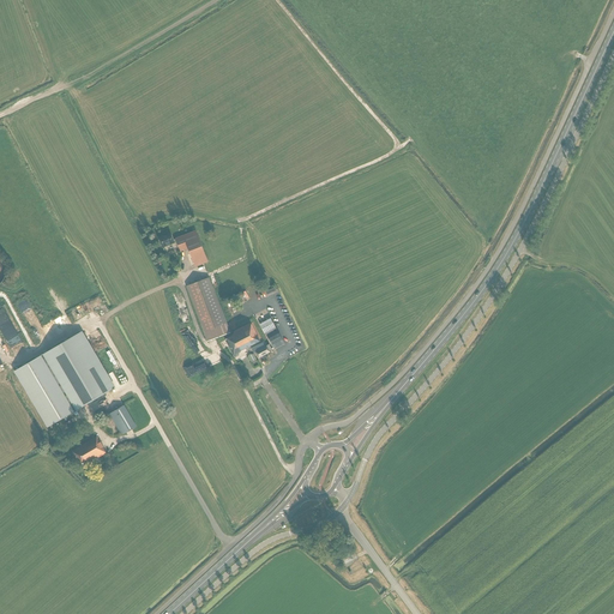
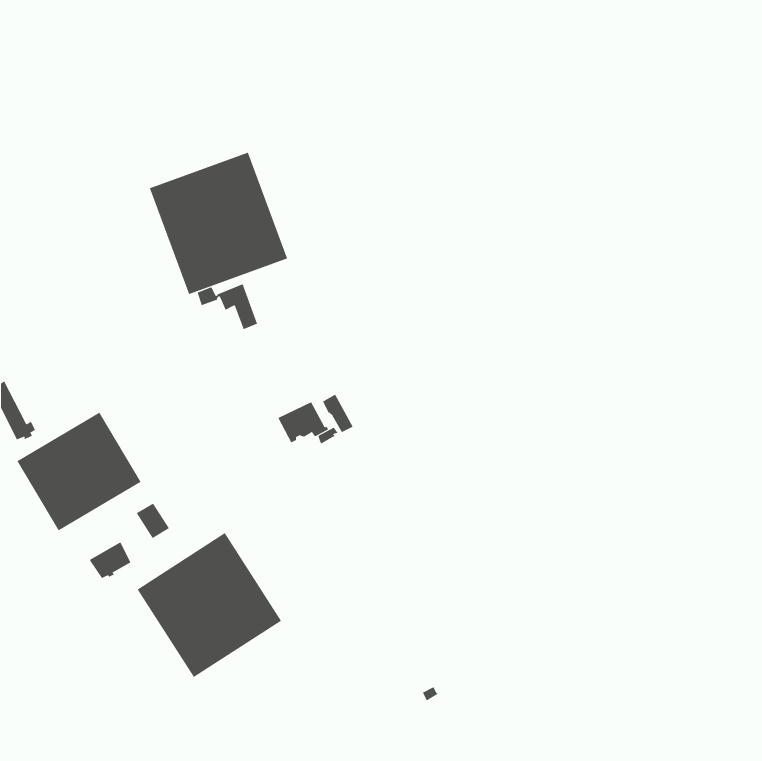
building: none -> [149,152,288,295]
building: [186,276,230,341] -> none
building: none -> [137,532,282,678]

